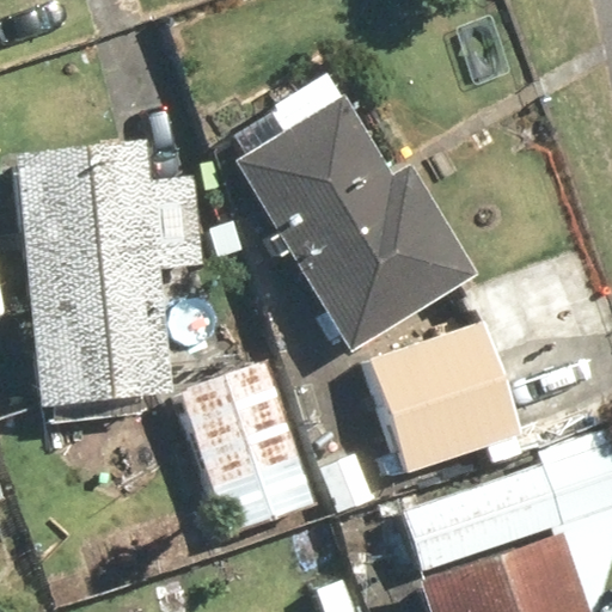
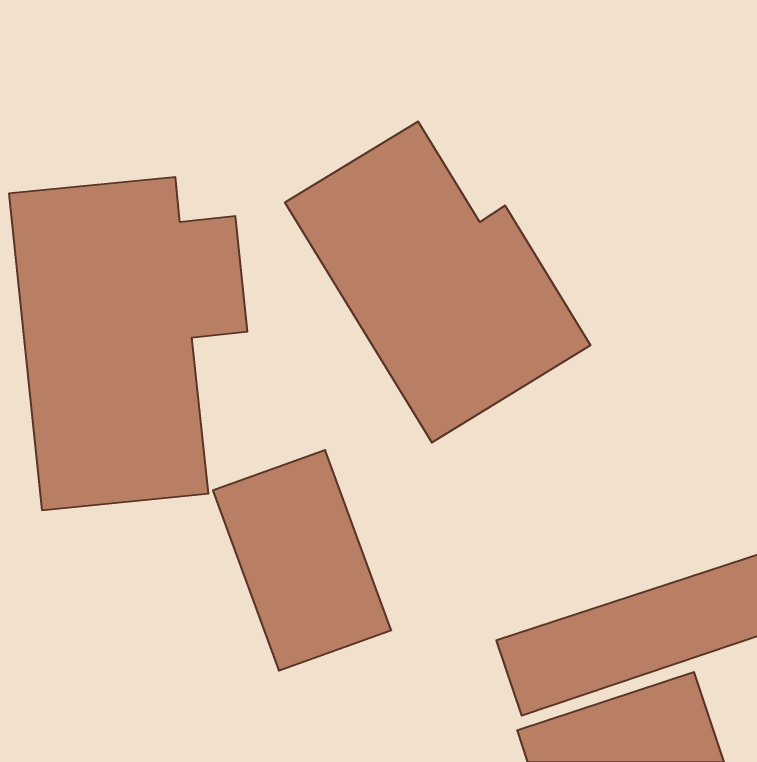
building: [371,322,522,472] -> none

